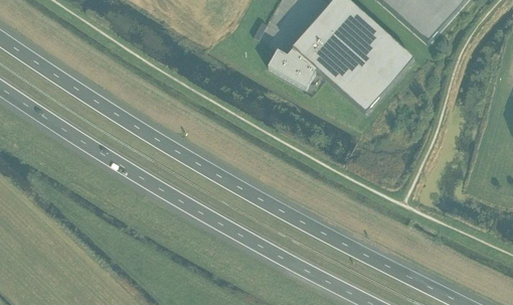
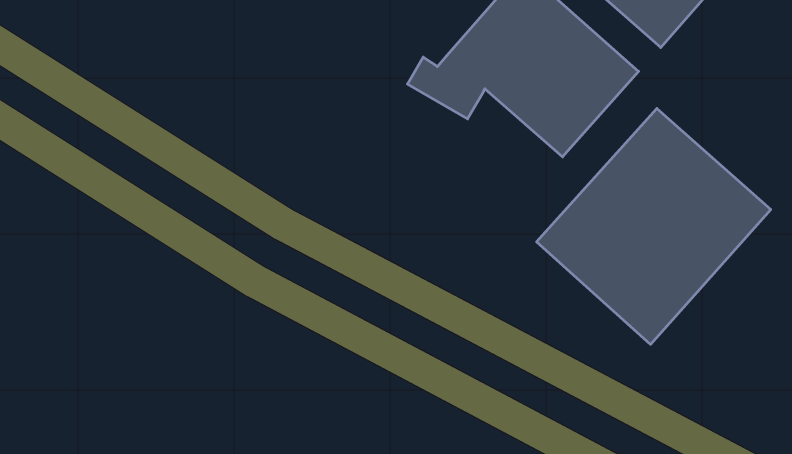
building: none -> [537,108,771,344]

